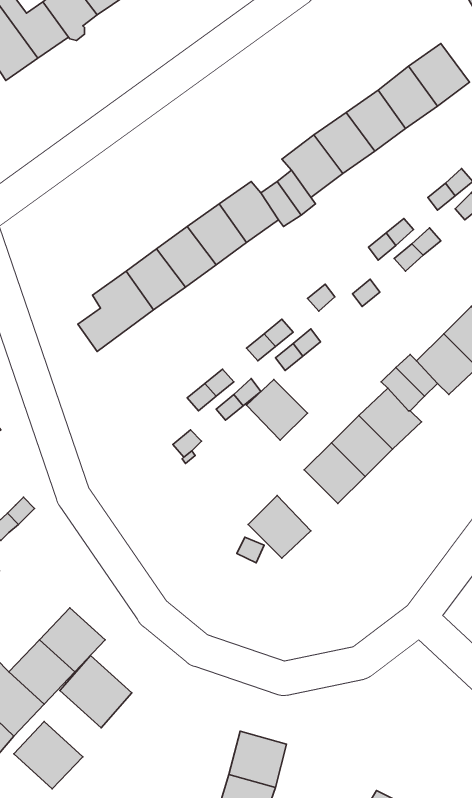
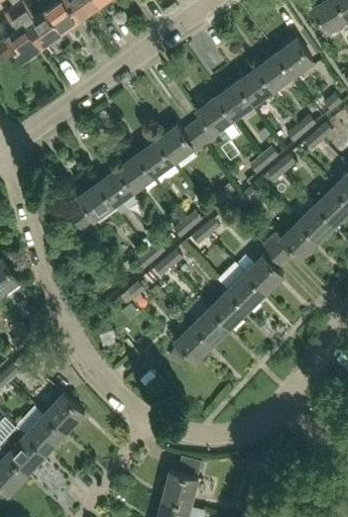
building: [247,379,308,440] -> [193,307,231,345]
building: [60,655,132,728] -> none

